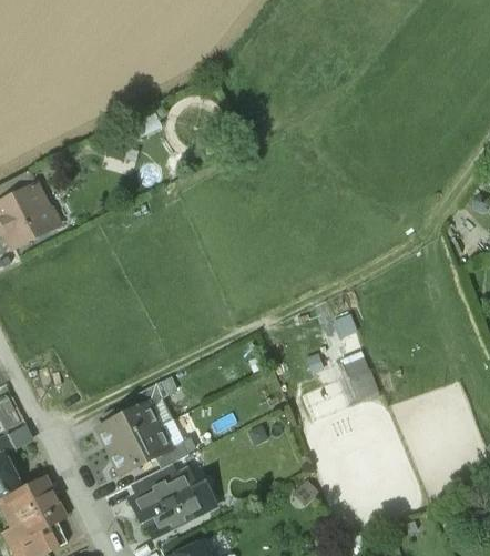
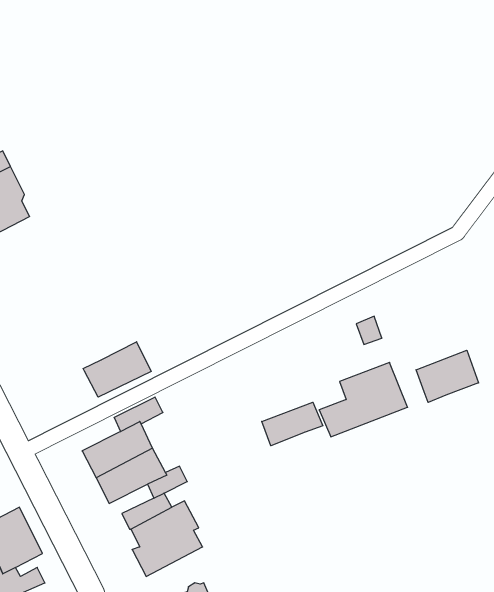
building: none -> [83,342,151,397]
building: none -> [416,350,479,402]
building: none -> [262,402,323,446]

